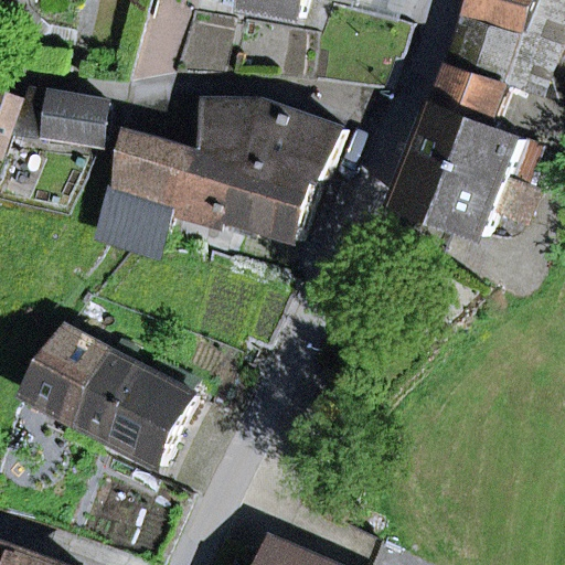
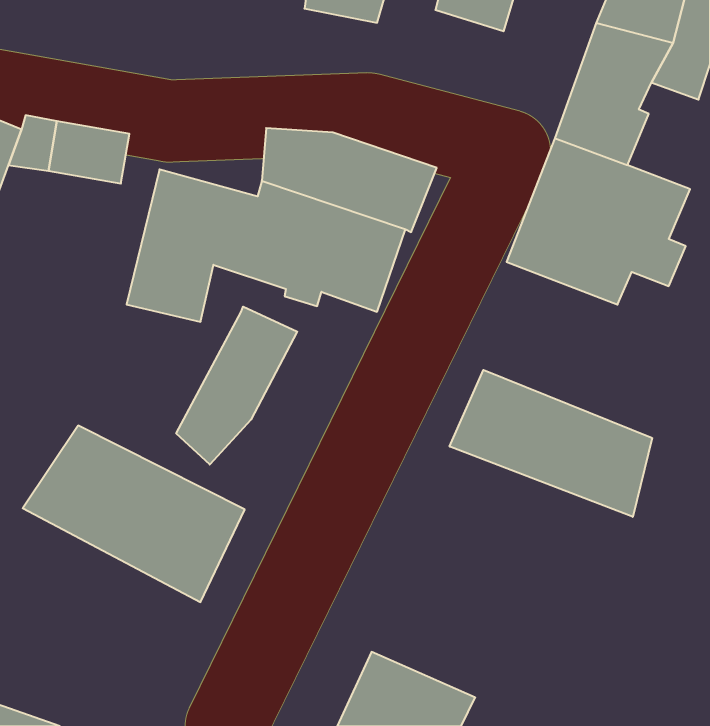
building: none -> [176,307,297,465]
building: none -> [450,370,652,517]

